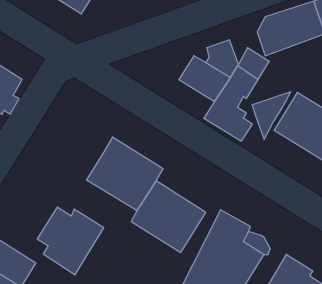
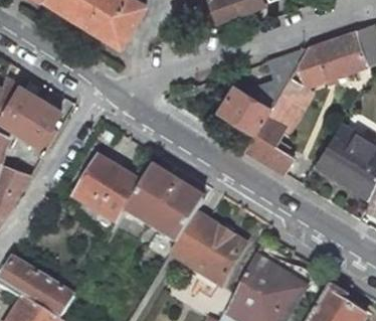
building: [252,92,291,140] -> [267,47,307,96]
building: [37,207,104,275] -> [74,165,142,233]

